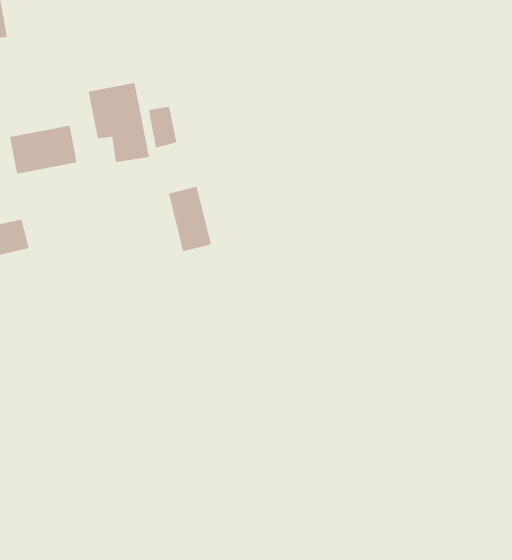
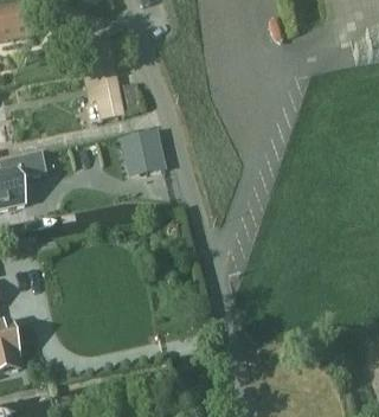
building: [9,125,77,174] -> none

